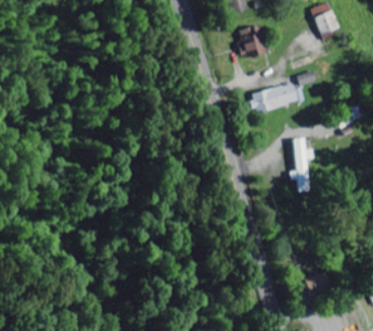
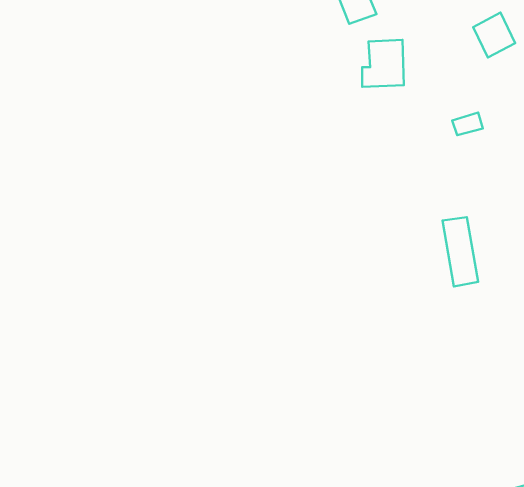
building: [251,83,299,115] -> none

